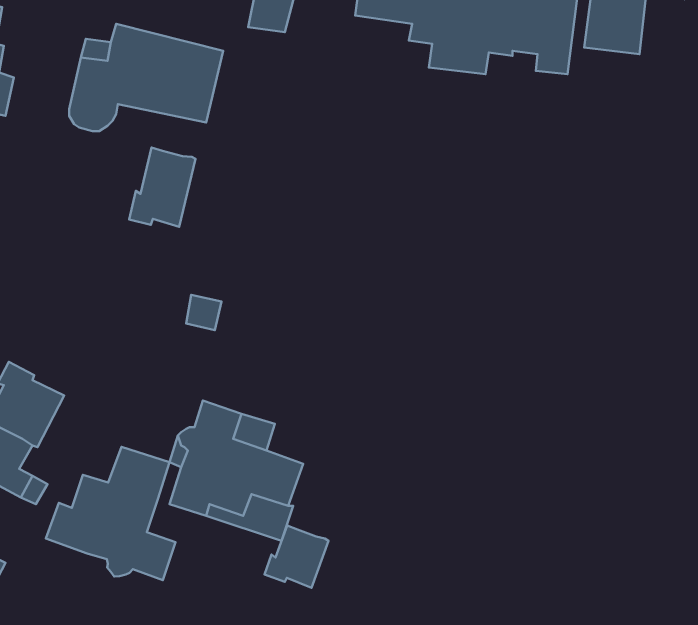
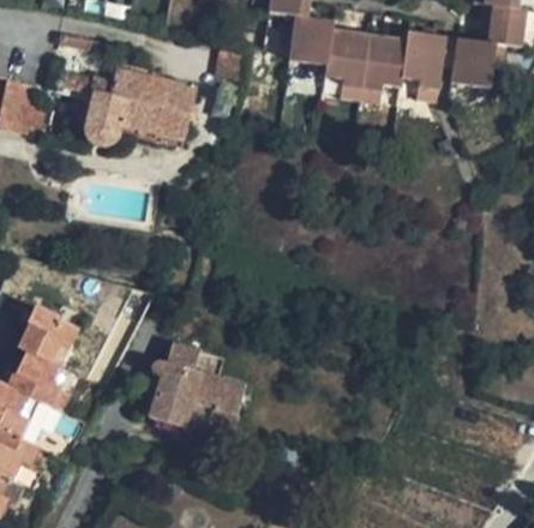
building: [129,148,196,227] -> none
building: [46,447,175,580] -> none
building: [264,526,328,588] -> none

